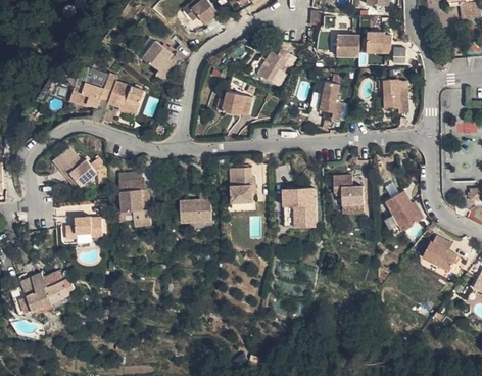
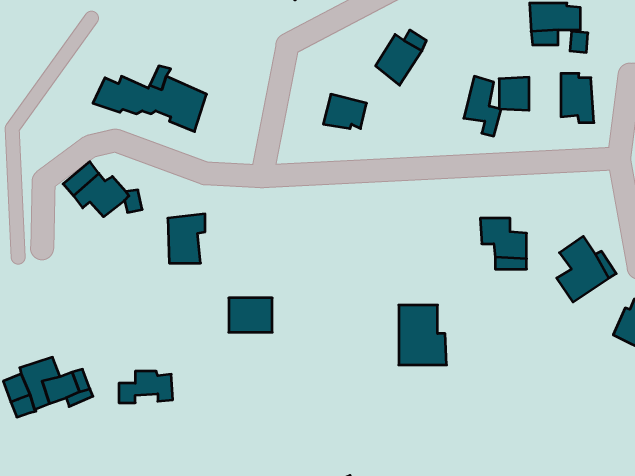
building: [338,35,358,57] -> [499,77,529,110]
building: [143,42,174,82] -> none
building: [231,167,255,204] -> none
building: [282,188,315,229] -> [399,305,447,365]
building: [181,198,210,222] -> [229,298,272,332]
building: [64,217,101,238] -> [119,371,173,403]

